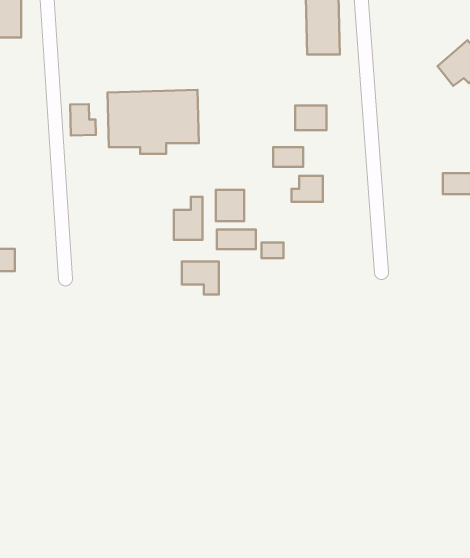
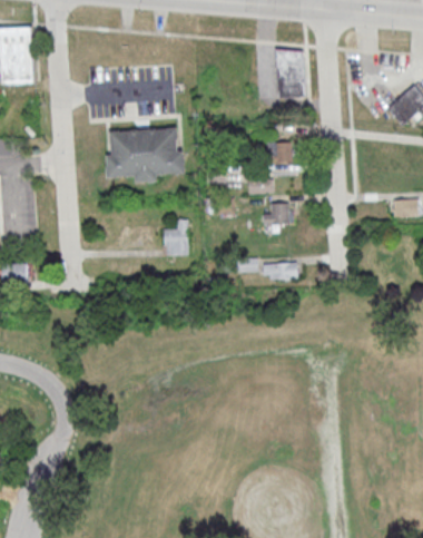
building: [70,104,96,135] -> none
building: [216,190,244,221] -> none
building: [217,230,256,249] -> [263,263,296,280]
building: [182,261,219,294] -> none

